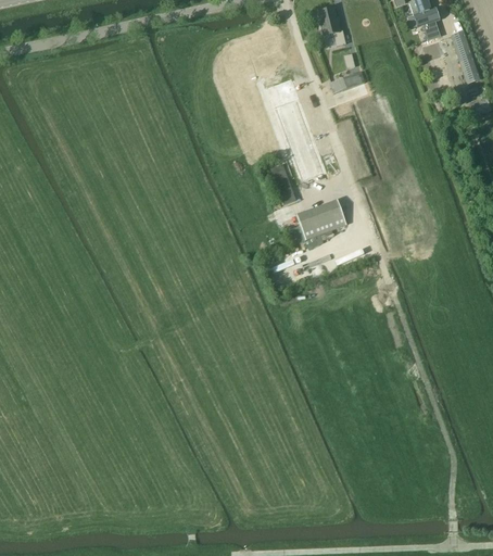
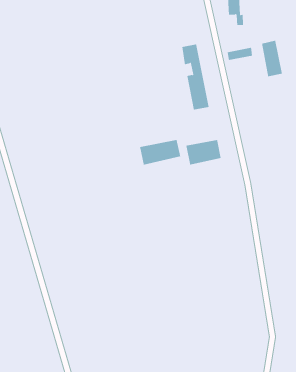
building: none -> [261,40,283,77]
building: none -> [140,139,181,165]

